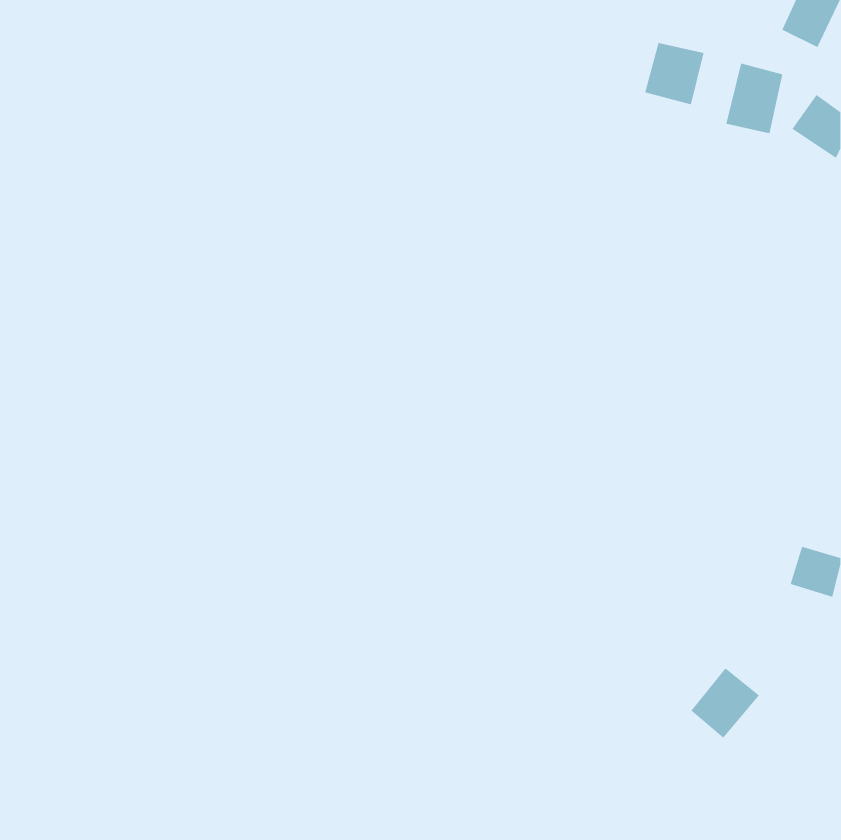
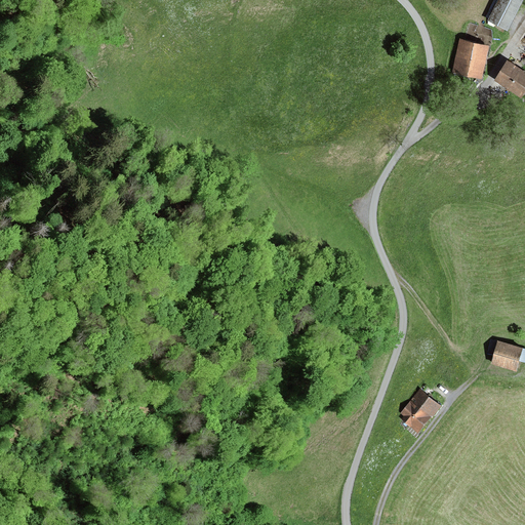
building: [644,42,704,105] -> none
building: [691,668,760,739] -> [398,389,441,433]

